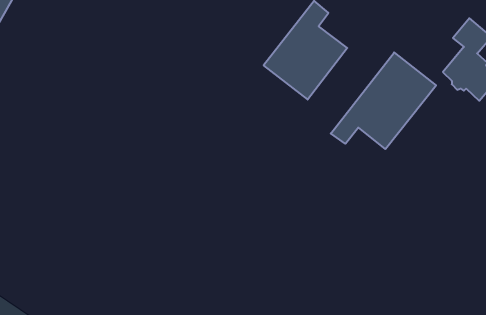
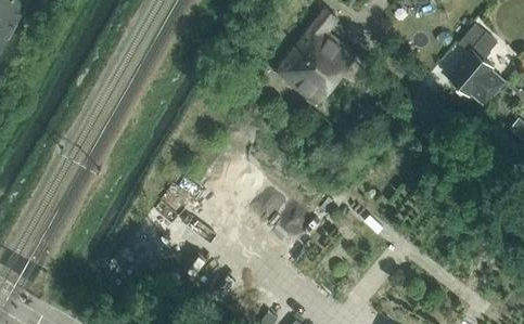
building: [331,52,436,149] -> none

